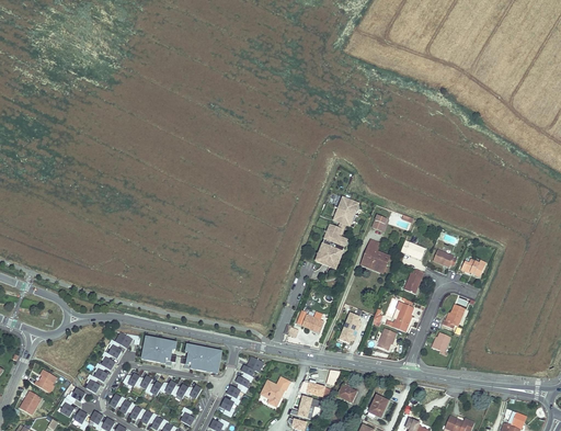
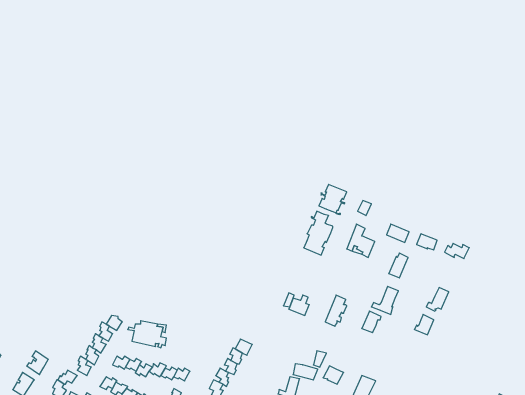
building: [181,344,226,373] -> none
building: [260,374,290,406] -> none

